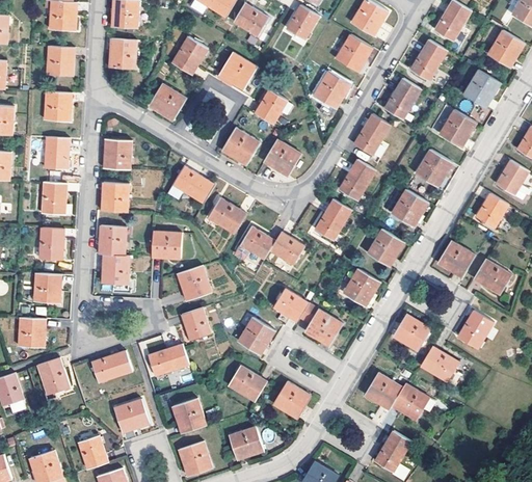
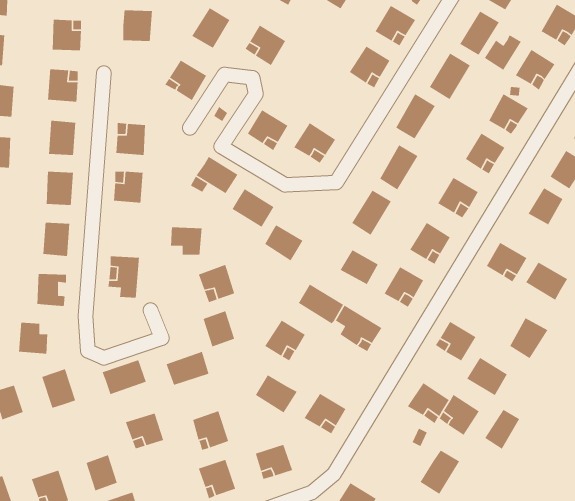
building: none -> [484,34,522,71]
building: [255,90,288,125] -> none
building: [95,230,123,260] -> none
building: [266,237,301,269] -> [339,249,379,285]
building: none -> [484,409,520,450]

